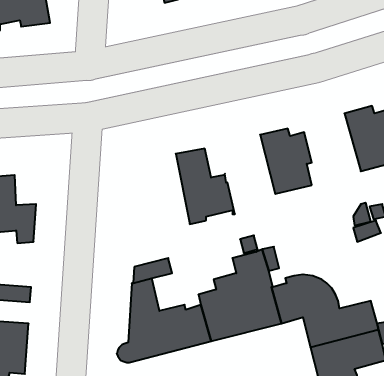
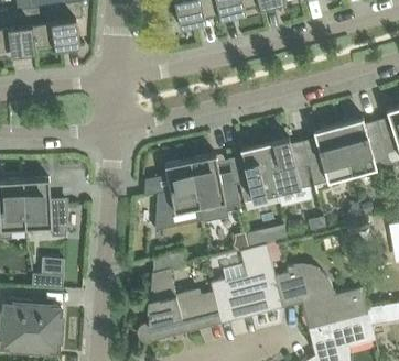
building: none -> [303,124,353,195]
building: none -> [229,143,278,203]
building: none -> [155,160,203,230]

